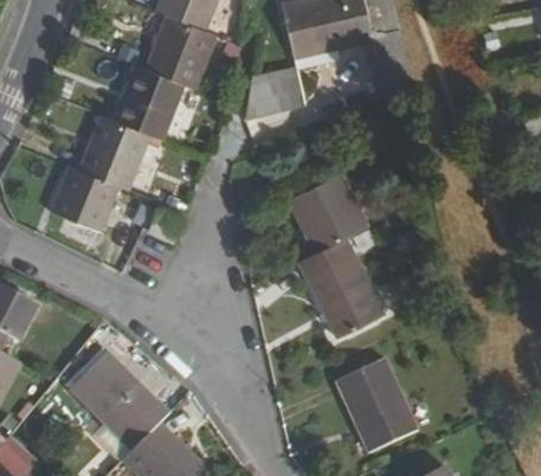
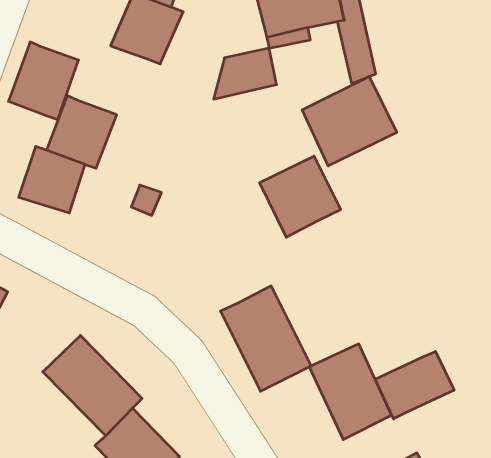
building: [110,62,179,137] -> [8,42,79,119]
building: none -> [302,76,397,166]
building: [296,237,385,340] -> [220,286,311,391]
building: none -> [375,351,454,419]

